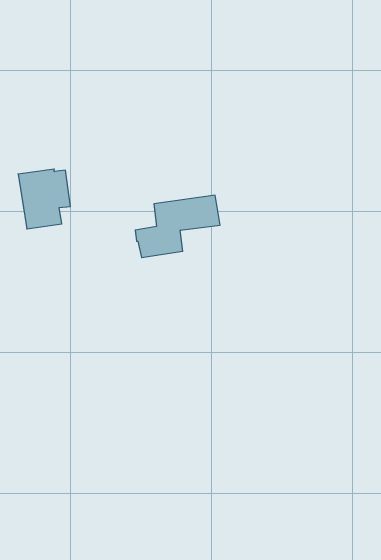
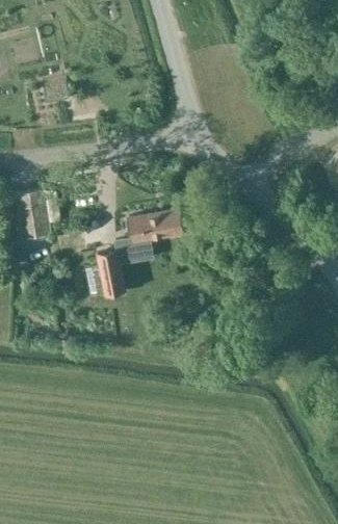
building: none -> [98,250,125,296]

